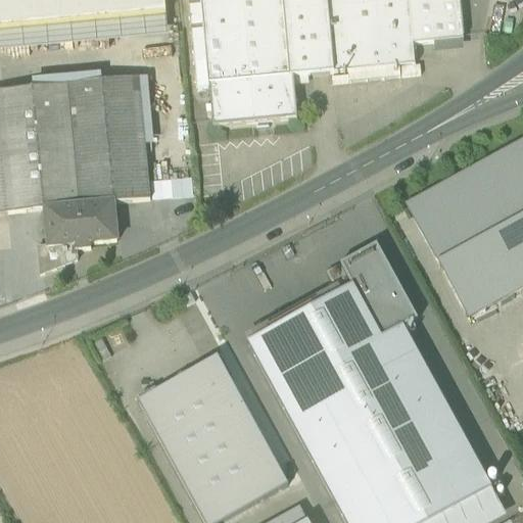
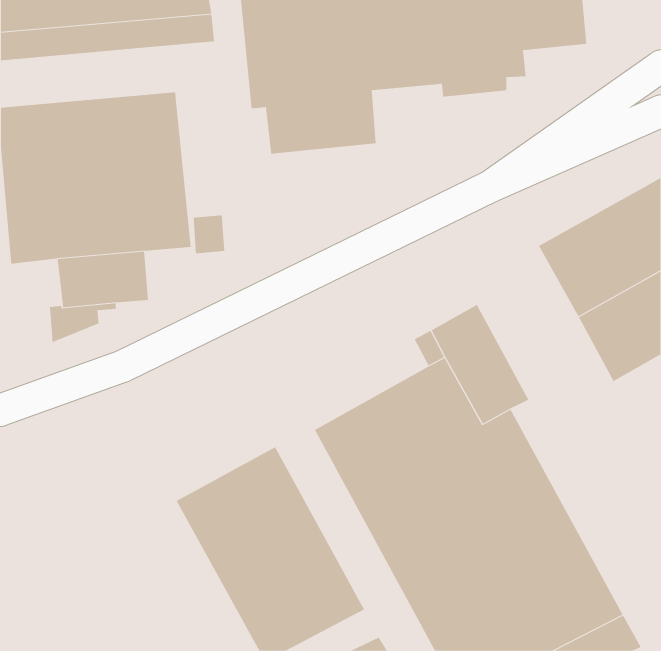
building: [408,194,484,311] -> none

